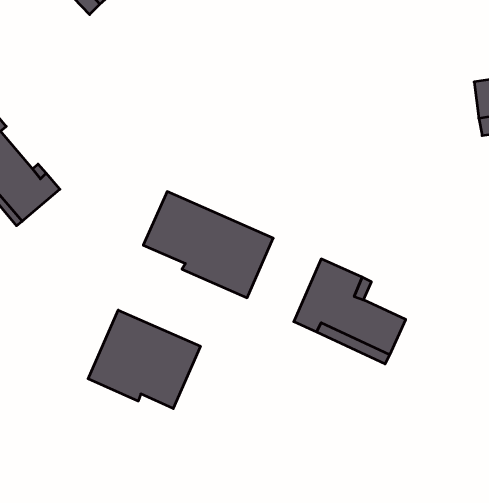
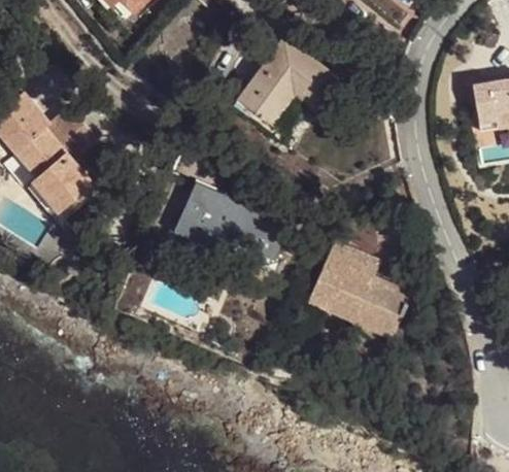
building: none -> [237,38,341,135]
building: [88,310,200,409] -> none

